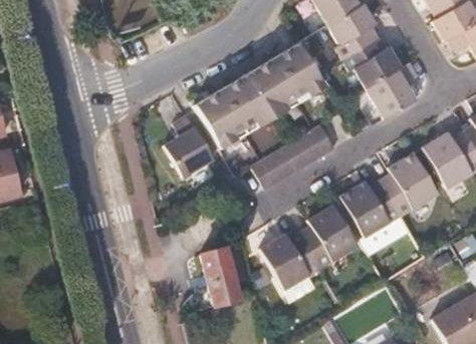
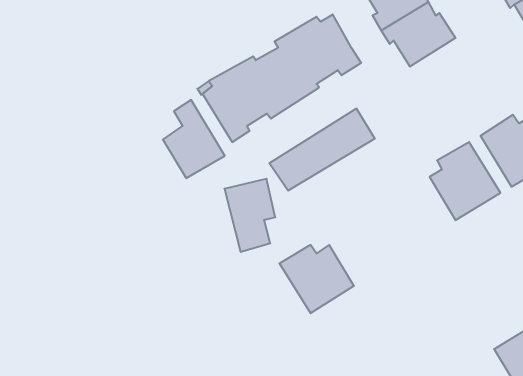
building: [365,61,419,119] -> none
building: [340,179,402,236] -> none
building: [299,205,358,267] -> none
building: [205,246,246,305] -> [224,179,275,252]

